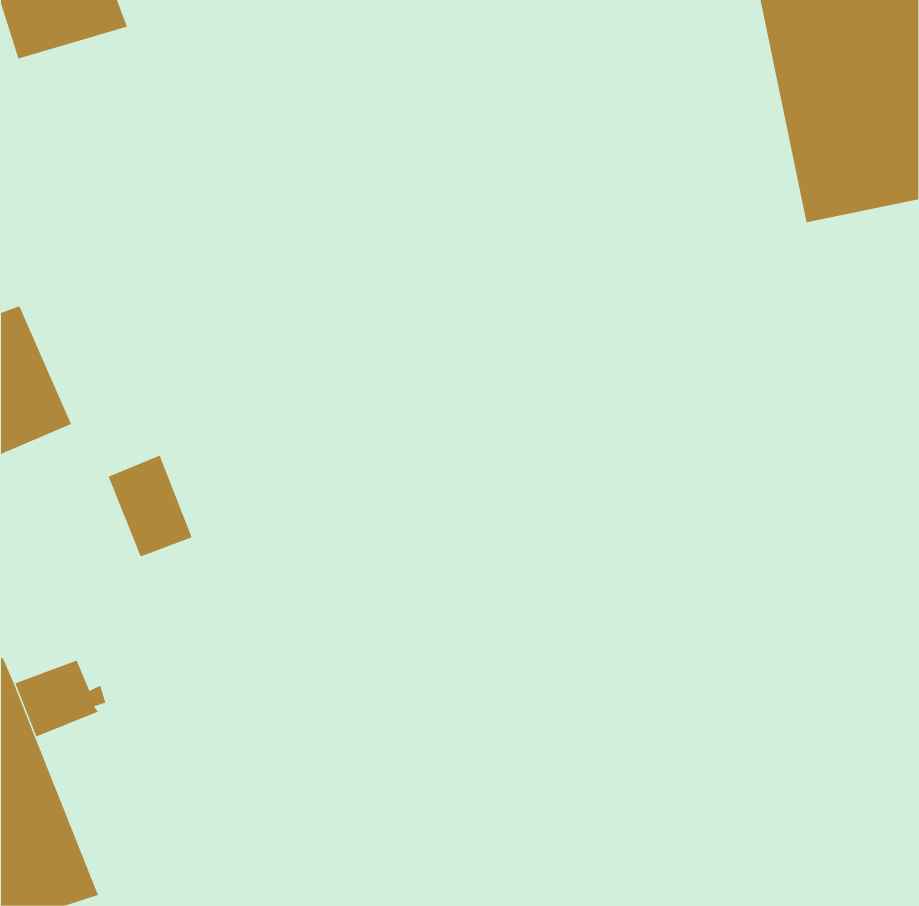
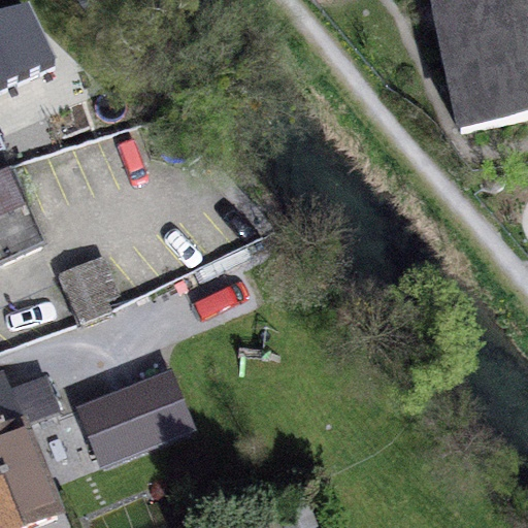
building: none -> [81,372,191,462]

